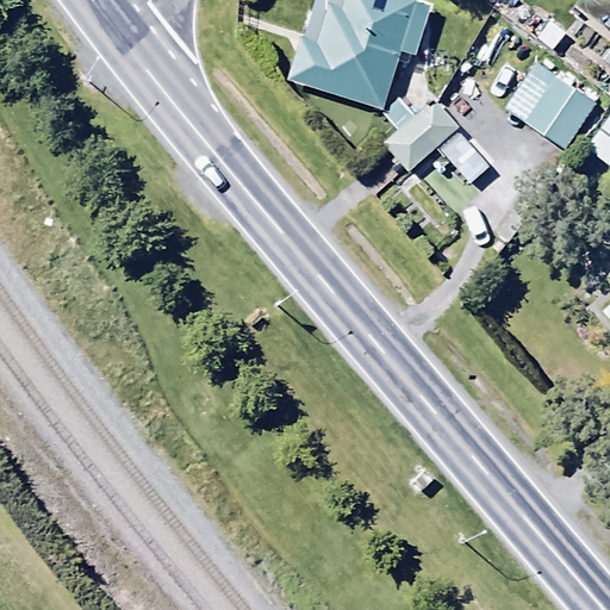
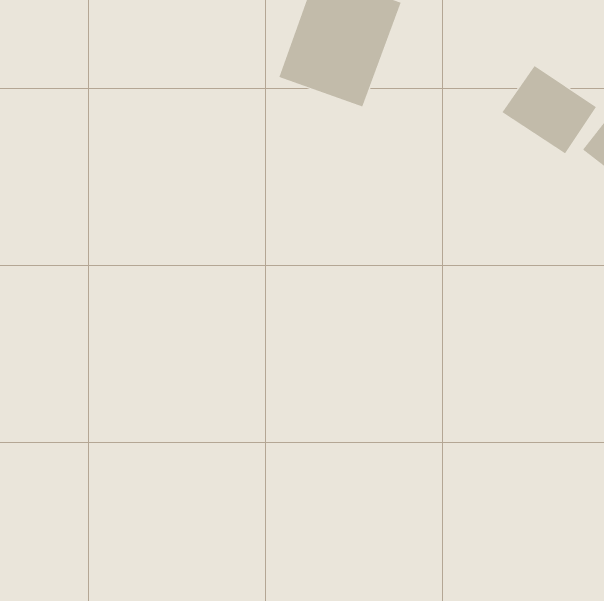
building: [386,100,494,185] -> none

